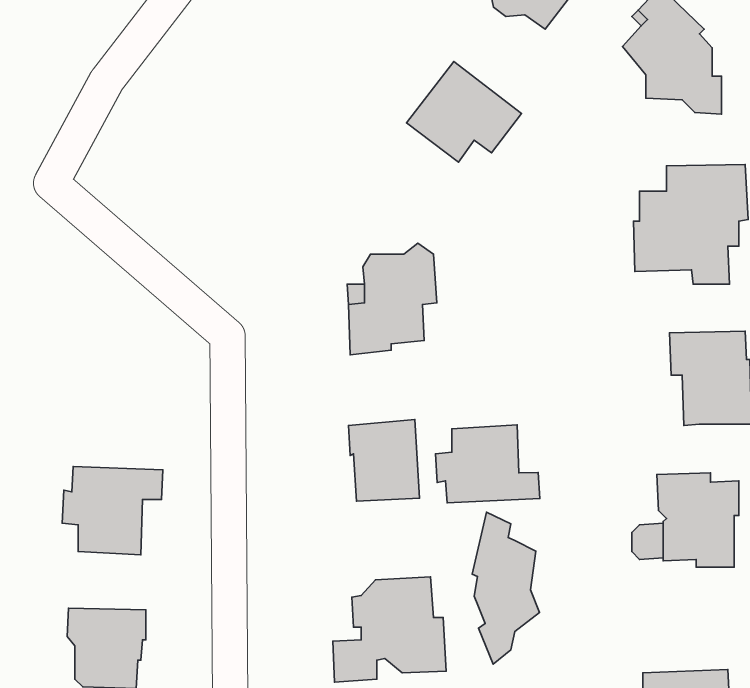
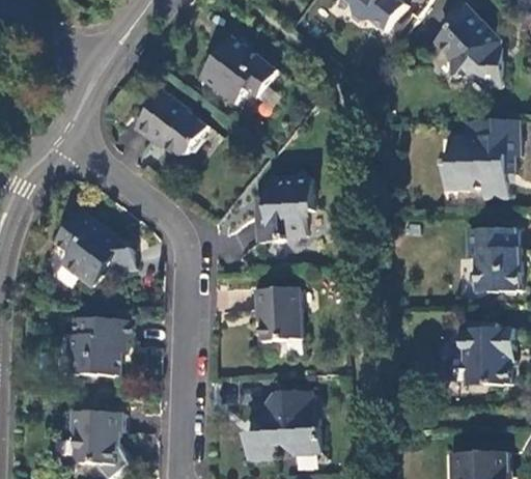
building: [407,62,521,162] -> [199,35,275,102]
building: none -> [136,89,206,152]
building: none -> [55,209,134,285]
building: [436,425,540,503] -> none
building: [472,512,539,664] -> none

